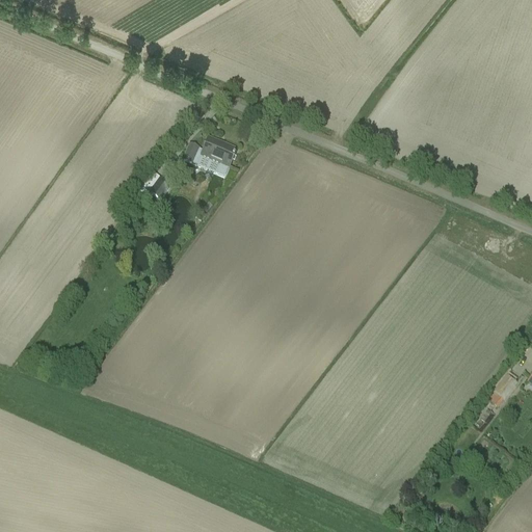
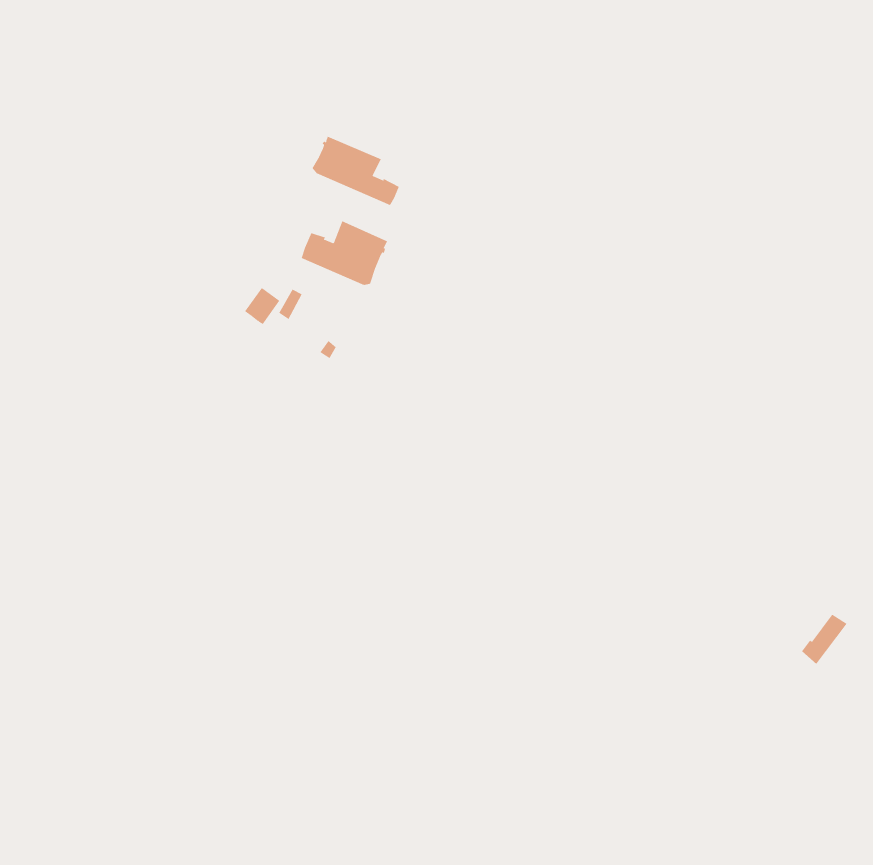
building: none -> [312,136,400,206]

